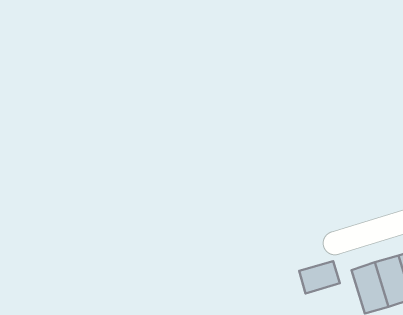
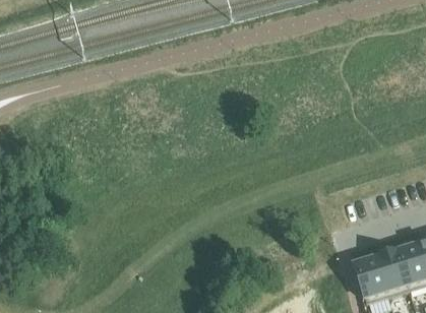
building: [299,261,340,294] -> none

